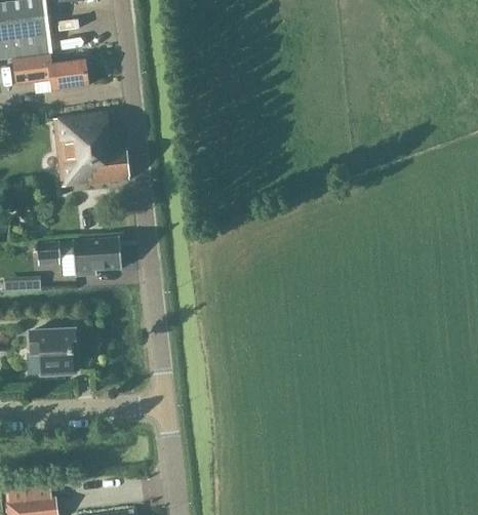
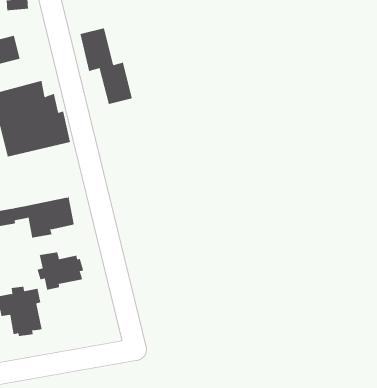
building: none -> [80,27,133,105]
building: none -> [37,251,84,291]

